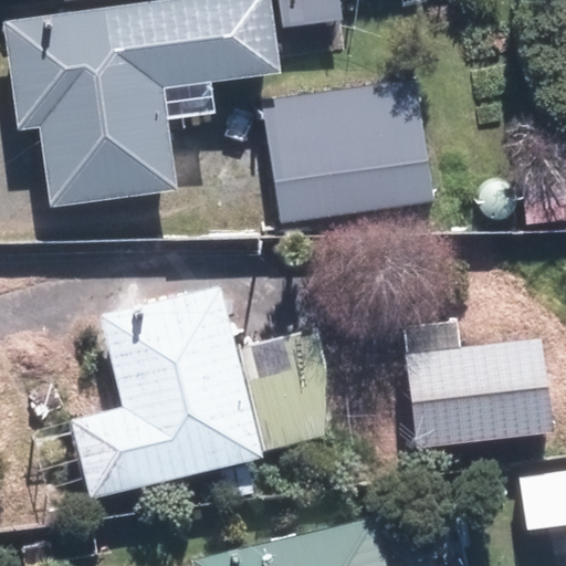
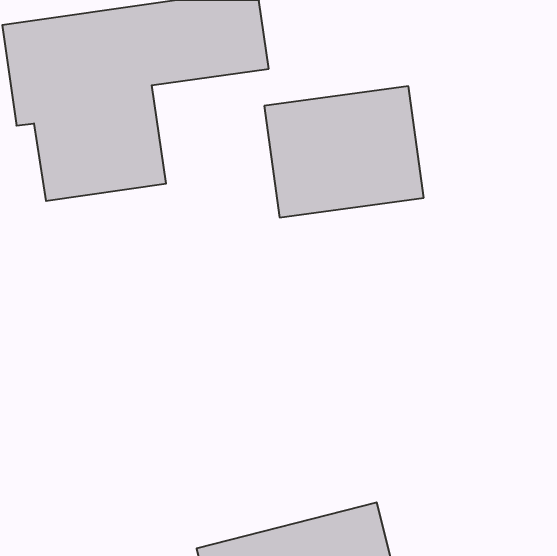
building: [80,281,269,489] -> none
building: [411,340,555,447] -> none

